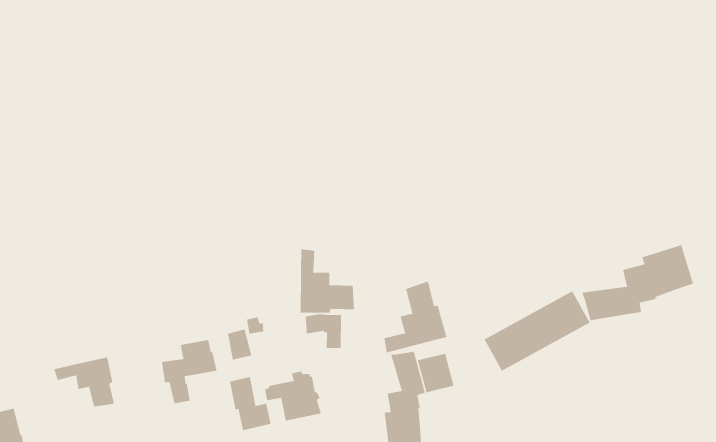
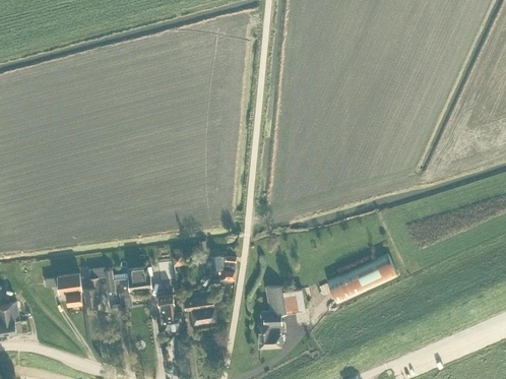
building: [581,244,694,321] -> none
building: [300,248,355,314] -> none
building: [384,280,448,353] -> none
building: none -> [83,268,114,304]

